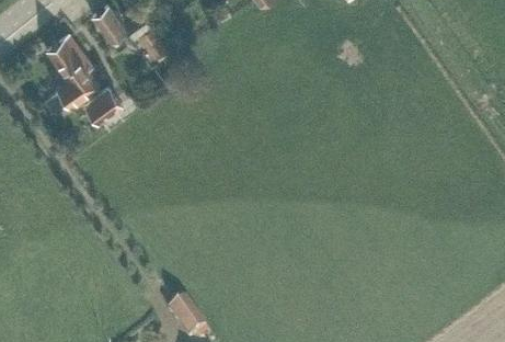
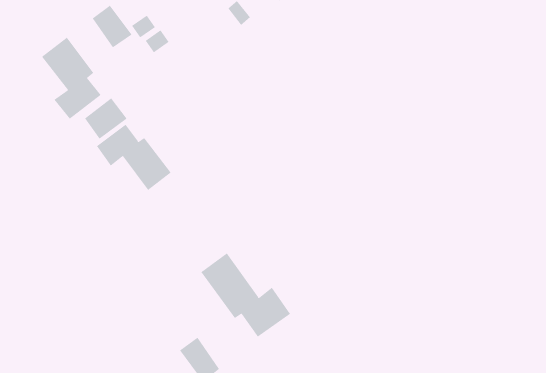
building: none -> [96,124,172,191]
building: none -> [201,253,291,338]

